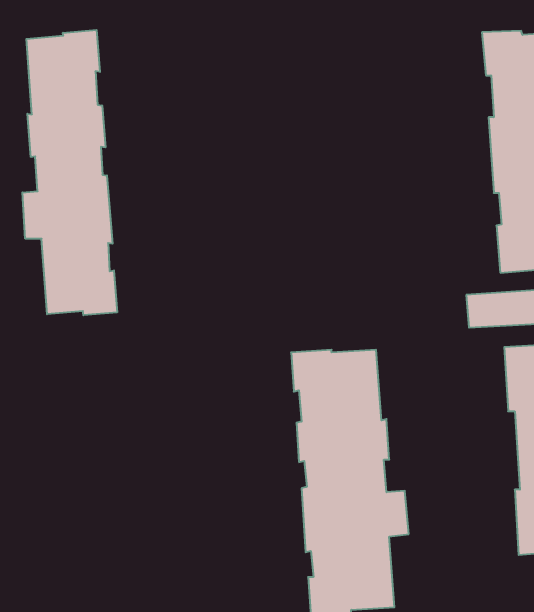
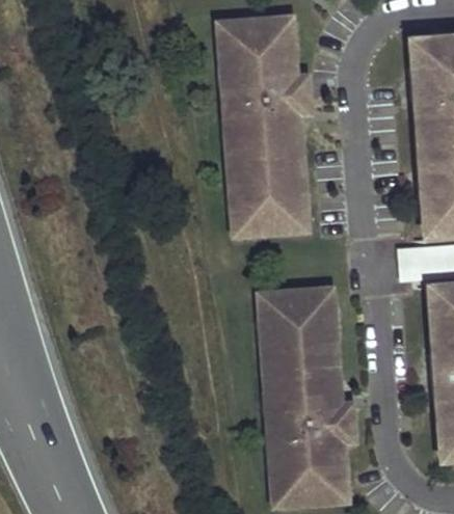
building: none -> [218,18,308,229]
building: [22,30,117,315] -> none

